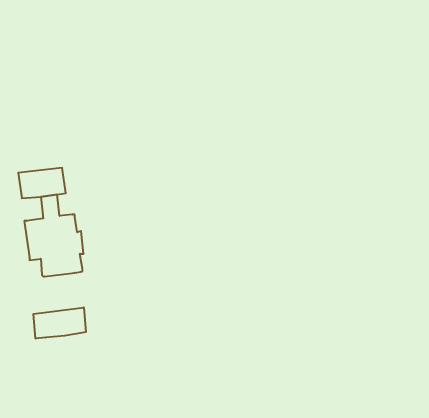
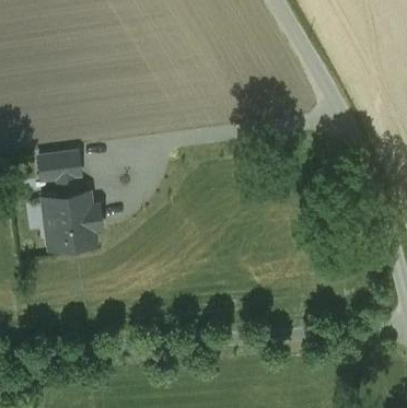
building: [33,307,86,339] -> none

